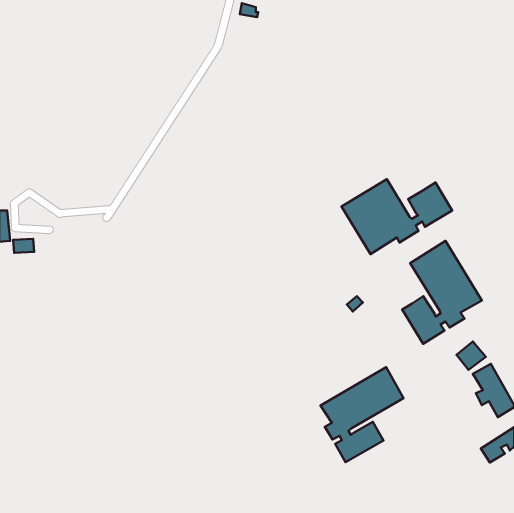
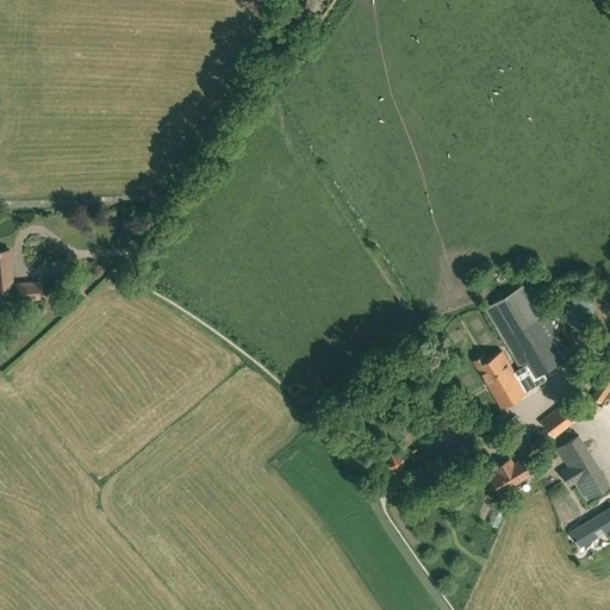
building: [341,179,452,254] -> none
building: [321,367,403,462] -> none
building: none -> [491,461,529,494]

